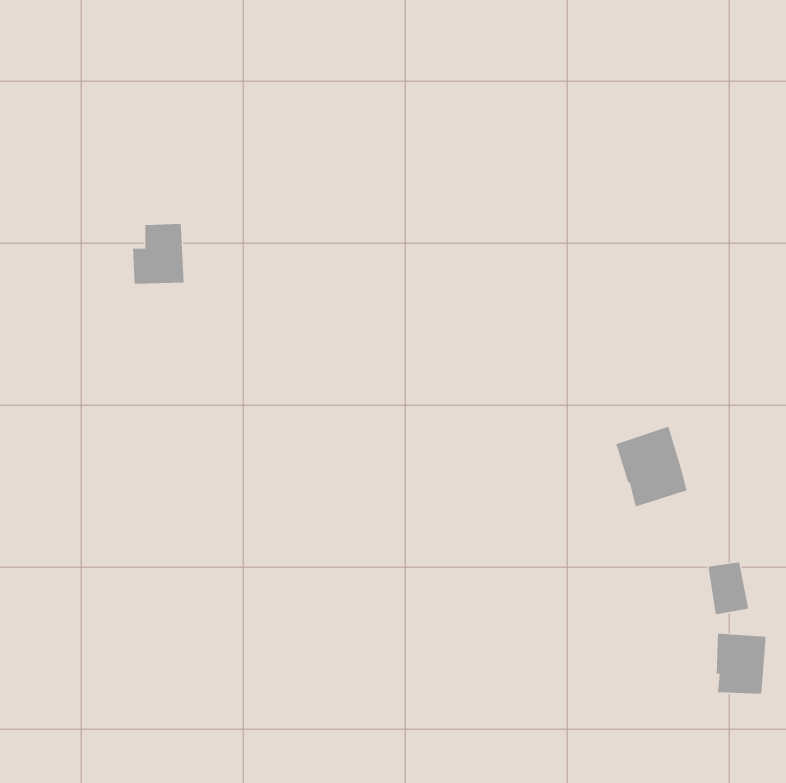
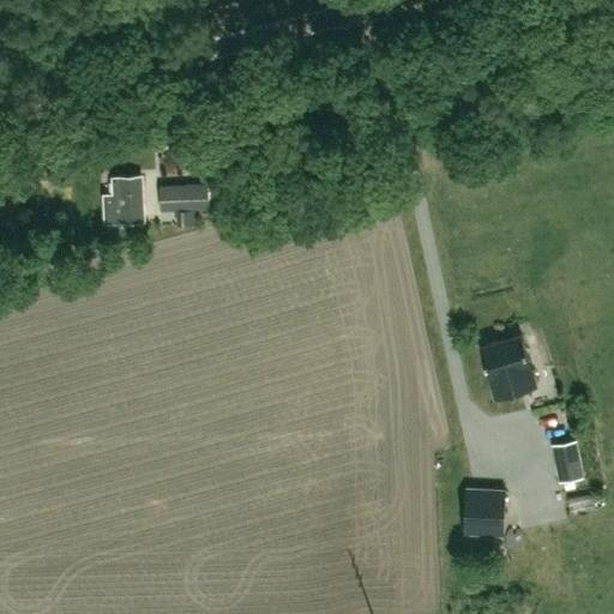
building: none -> [161,186,207,212]
building: [716,633,766,694] -> [465,490,505,538]

